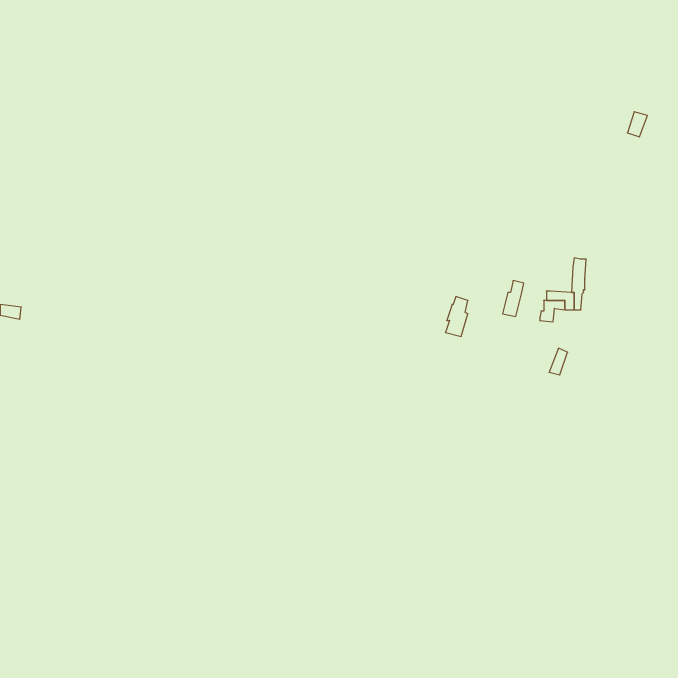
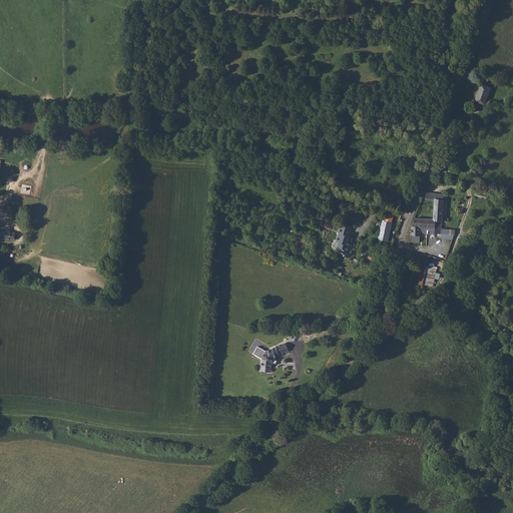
building: none -> [254,344,291,373]

